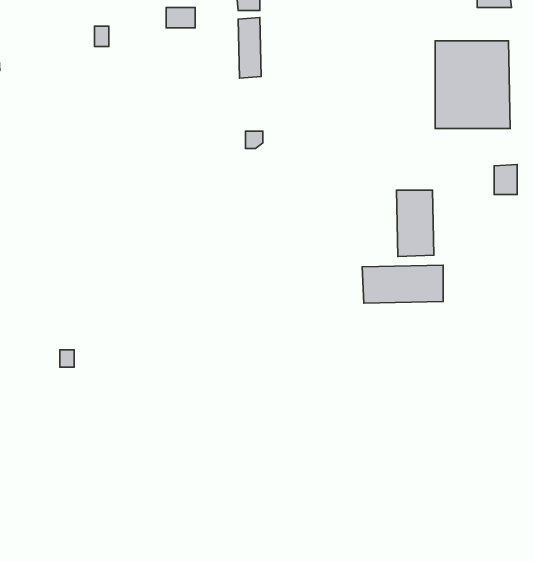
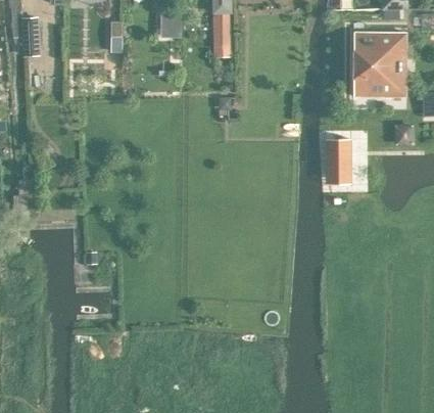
building: [362,265,443,303] -> none

